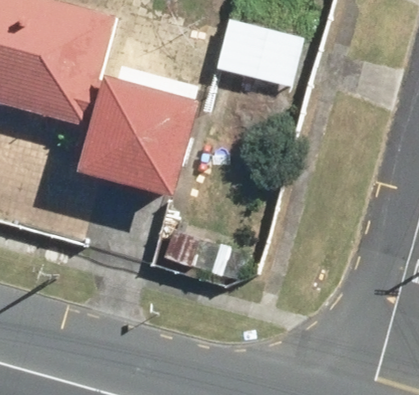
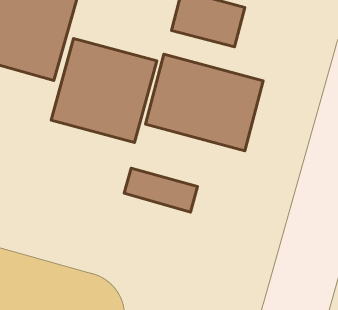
building: none -> [145,54,263,151]

